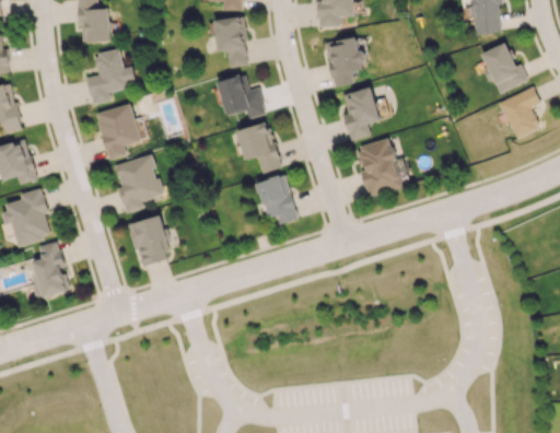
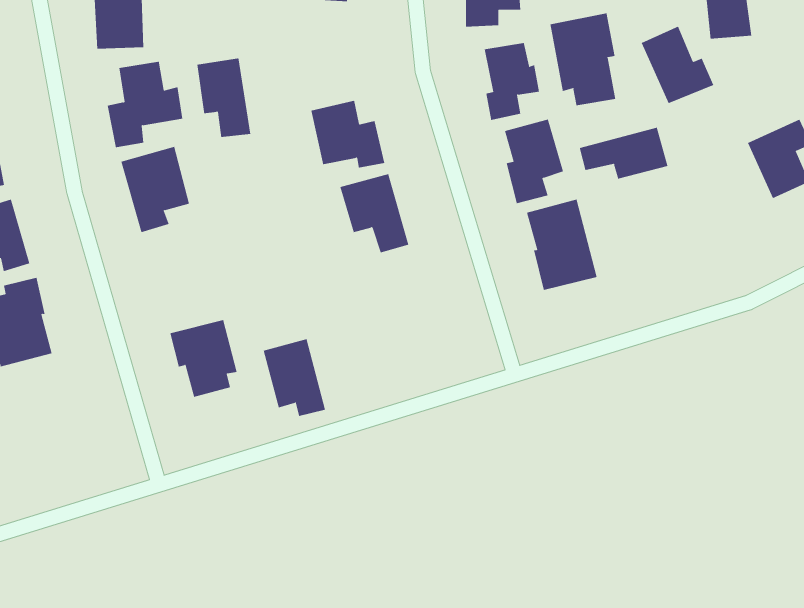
building: [214,15,249,67] -> [197,58,251,138]
building: none -> [550,13,616,106]
building: [481,43,528,93] -> [641,26,714,104]
building: none -> [579,127,668,179]
building: [115,154,163,213] -> none
building: [257,174,298,224] -> [263,338,326,417]
building: [30,241,69,299] -> none

